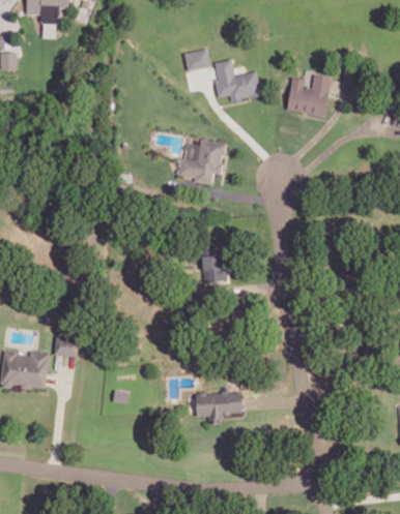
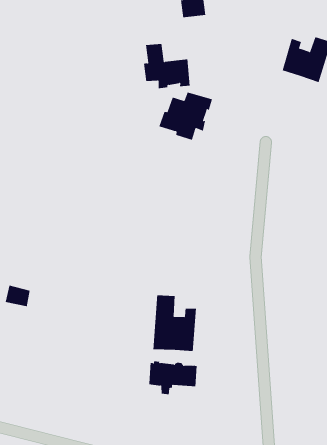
building: [215,59,261,101] -> [143,44,190,89]
building: [200,245,225,281] -> none
building: none -> [153,294,197,352]

